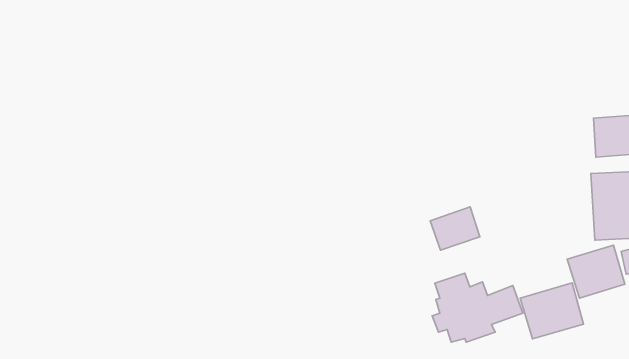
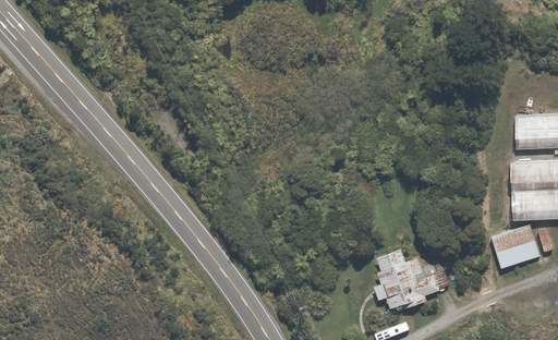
building: [430,207,480,250] -> none
building: [520,283,583,339] -> none

